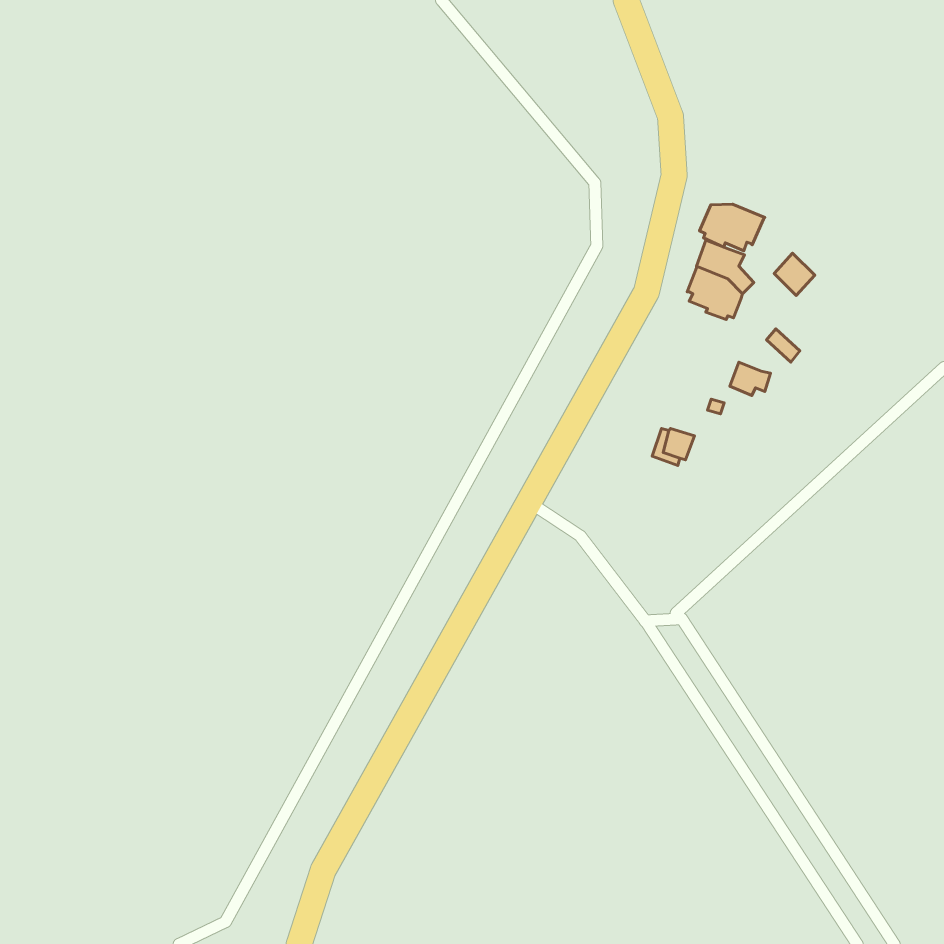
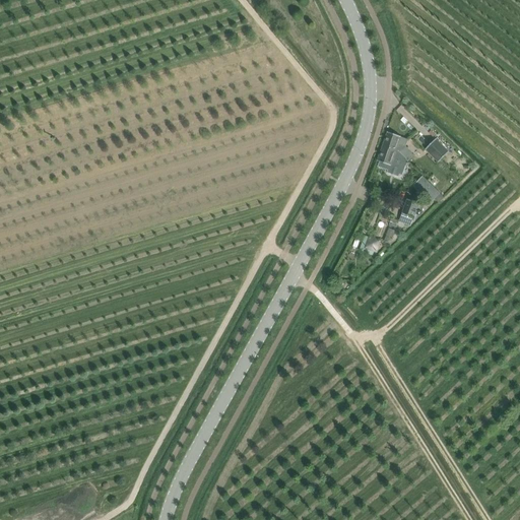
building: [700,204,765,251] -> none

